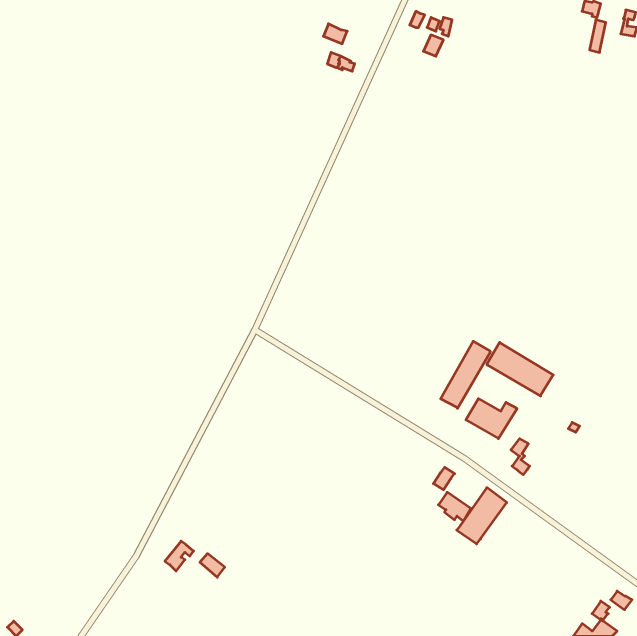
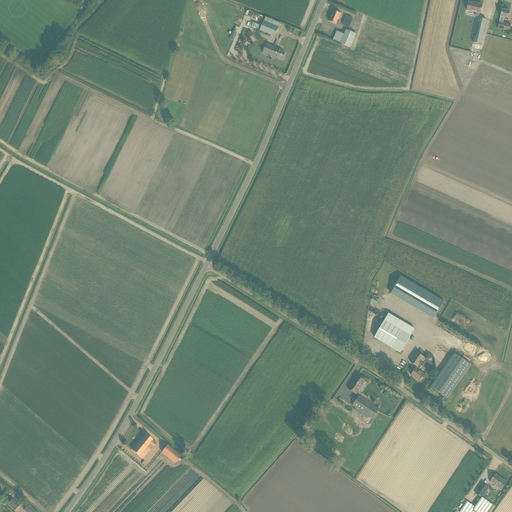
building: [441,341,490,408] -> none
building: [457,488,507,544] -> [430,351,470,396]

